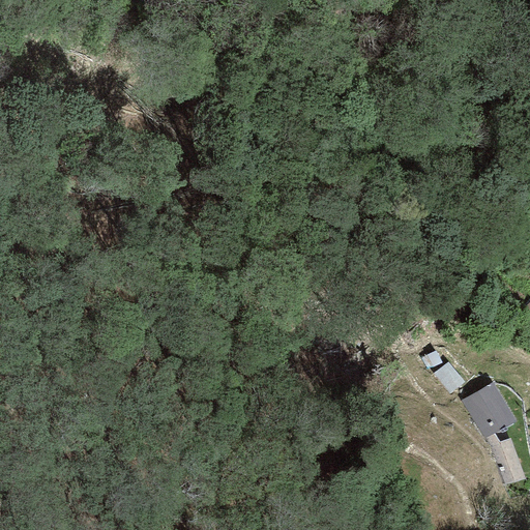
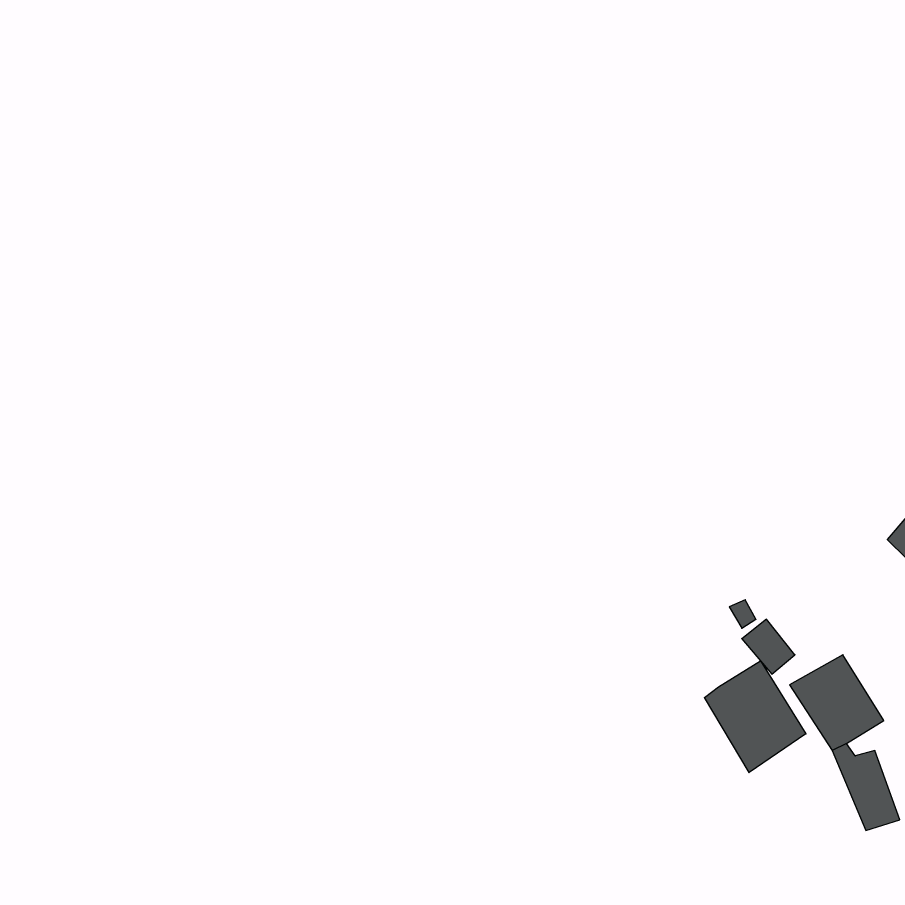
building: none -> [704,661,806,773]

